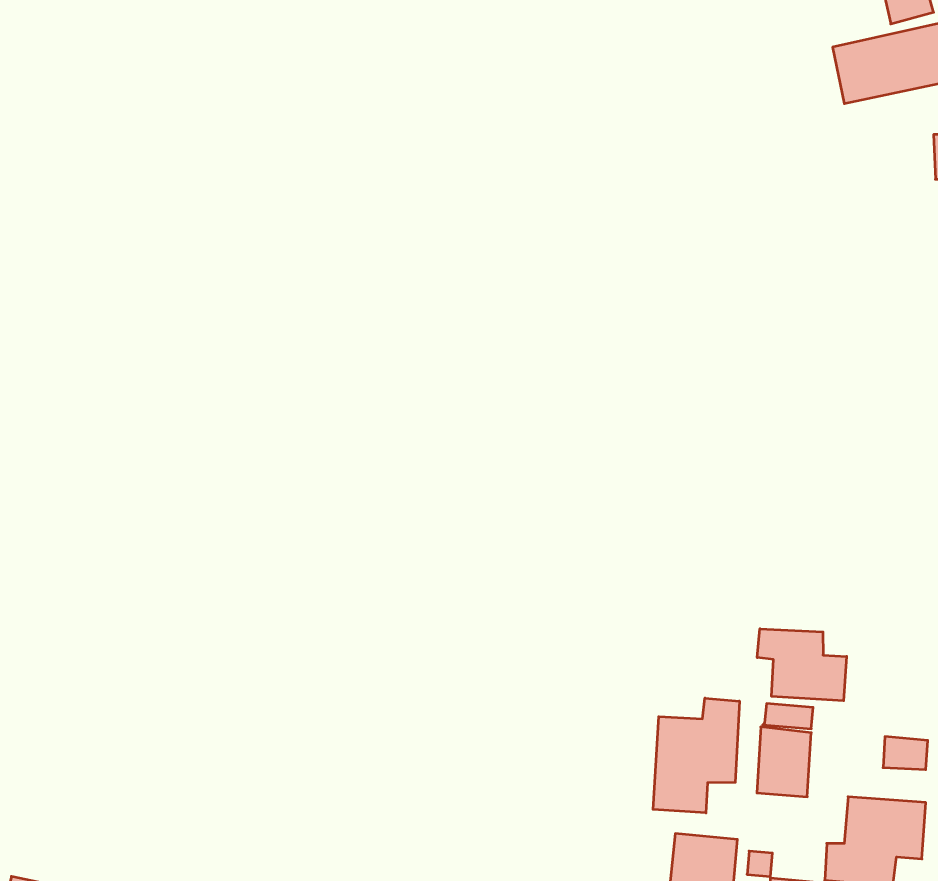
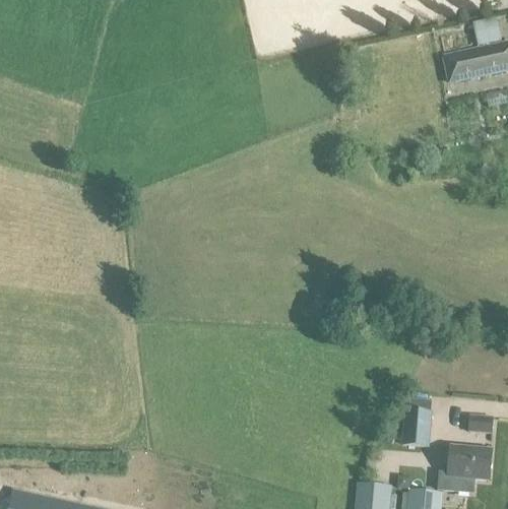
building: [757,629,847,701] -> none
building: [653,698,739,813] -> none

